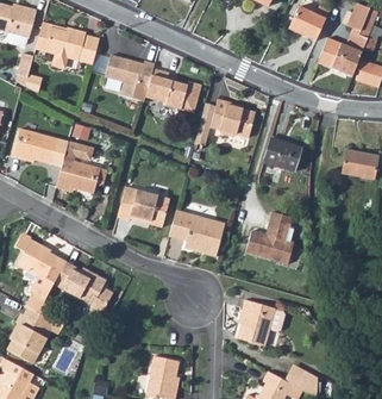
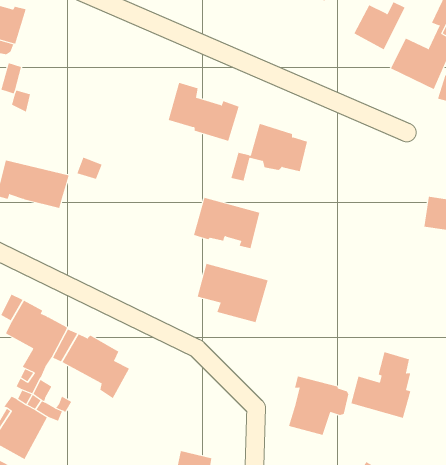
building: [35,26,100,73] -> none
building: [102,52,154,101] -> none
building: [265,135,303,172] -> none
building: [54,141,105,193] -> none
building: [115,186,168,226] -> [193,197,260,249]
building: [243,210,290,262] -> [350,352,411,419]

